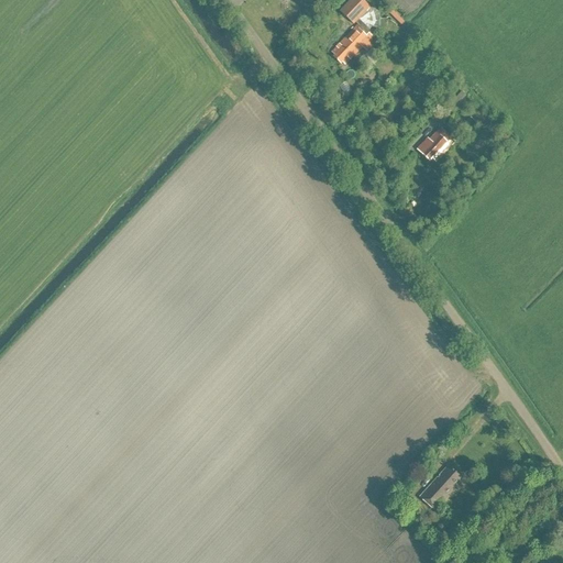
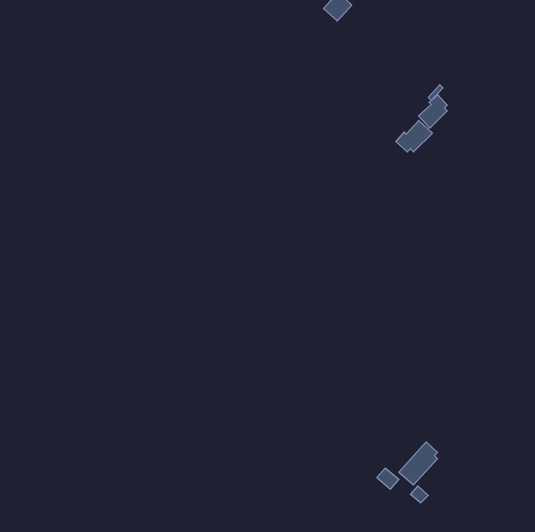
building: [332,18,371,63] -> none
building: none -> [419,95,447,128]

